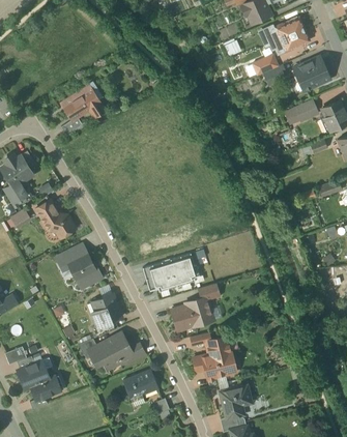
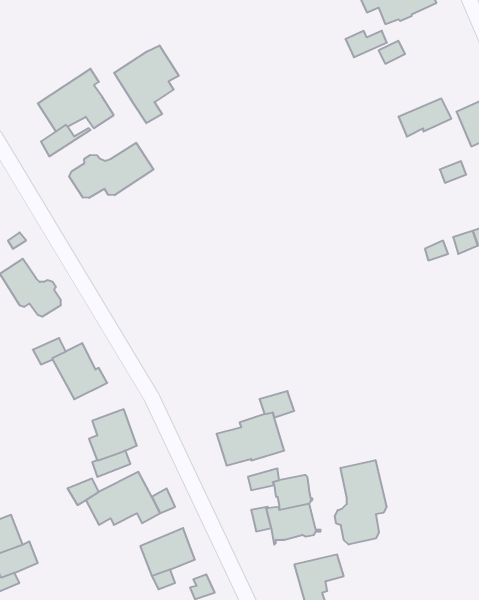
building: [293,57,329,90] -> none
building: none -> [114,45,179,123]
building: none -> [69,143,153,198]
building: [142,254,199,292] -> none
building: none -> [335,460,386,545]

